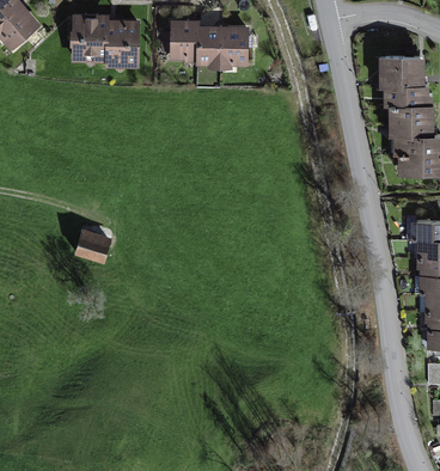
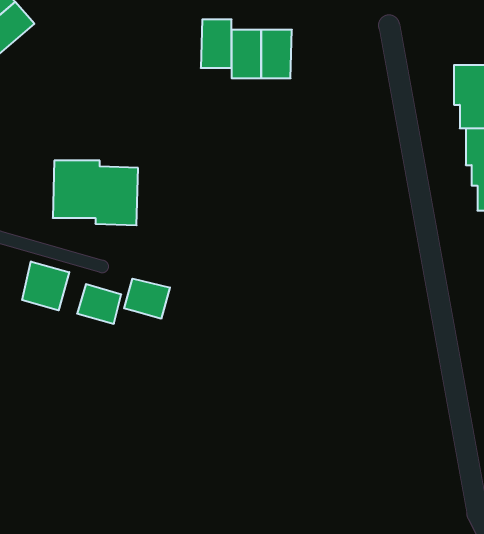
building: [72,14,141,67] -> [53,161,138,225]
building: none -> [22,261,69,310]
building: none -> [124,279,170,319]

